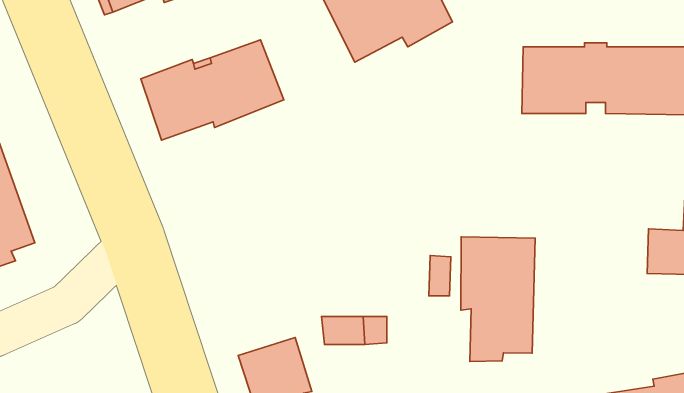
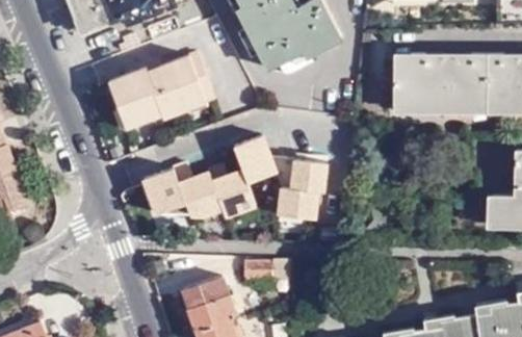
building: none -> [147,135,325,221]
building: [461,237,535,361] -> none

